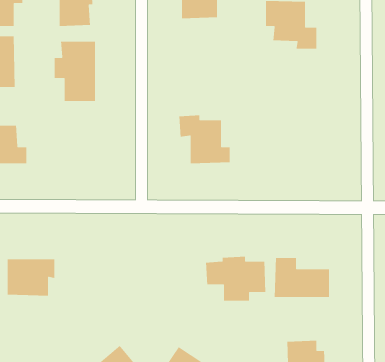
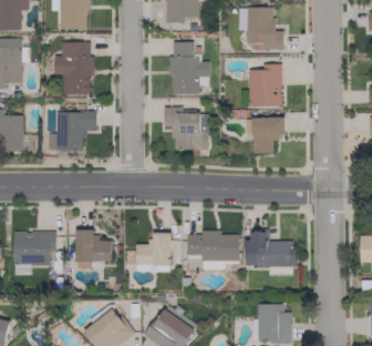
building: none -> [173,42,210,94]
building: none -> [249,63,282,106]
building: none -> [56,111,97,151]
building: none -> [252,118,286,153]
building: none -> [76,230,113,262]
building: none -> [136,232,173,265]

